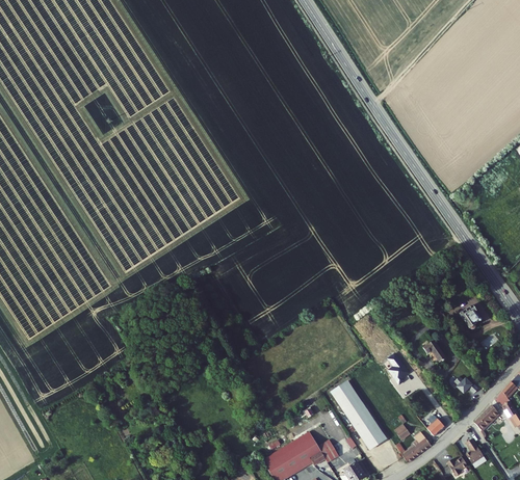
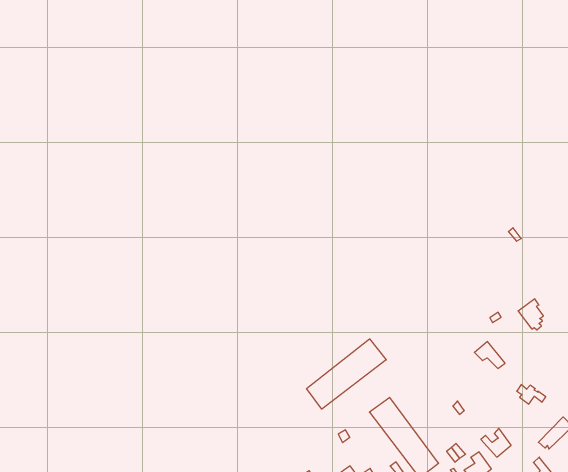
building: none -> [307,339,386,409]

